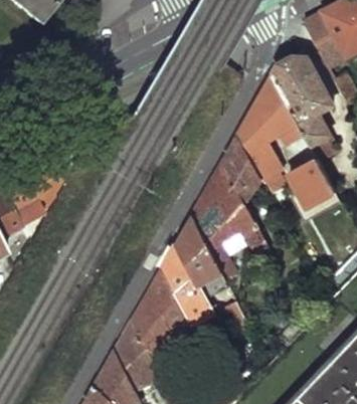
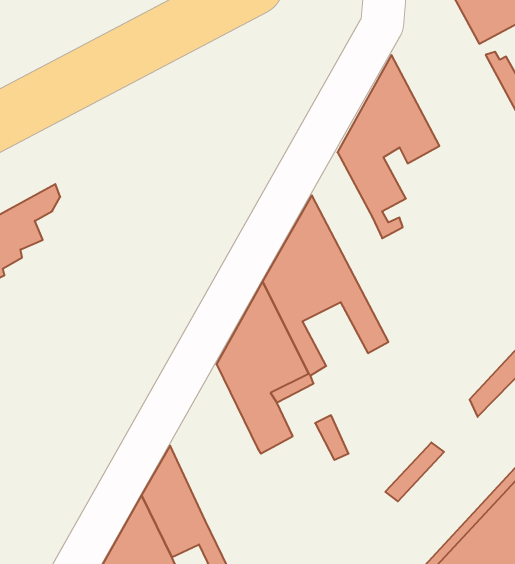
building: [274,56,334,145] -> none
building: [227,135,261,185] -> none
building: [289,158,336,206] -> none
building: [134,268,189,367] -> none

